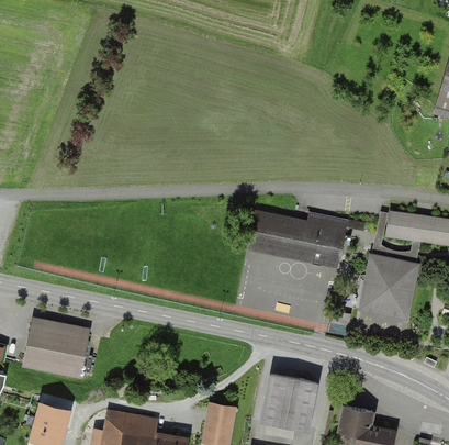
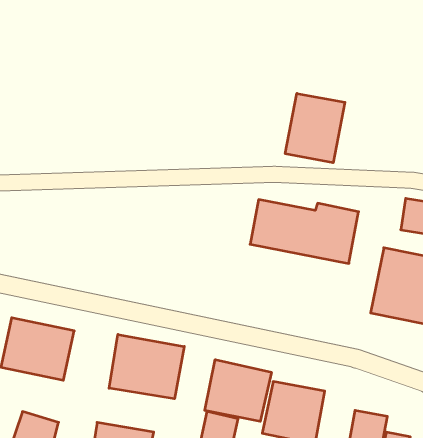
building: none -> [285,93,345,163]
building: none -> [109,334,184,399]
building: none -> [205,360,271,421]

